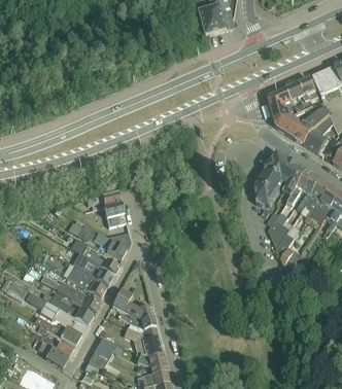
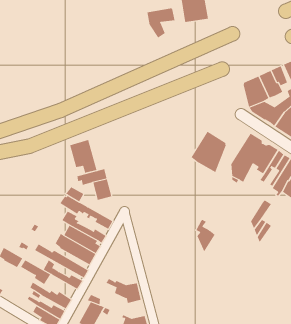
building: none -> [147,8,175,39]
building: none -> [191,131,226,173]
building: none -> [69,139,97,174]
building: [267,211,288,248] -> [196,219,215,253]
building: [111,287,152,318] -> none
building: [124,327,161,355] -> none

